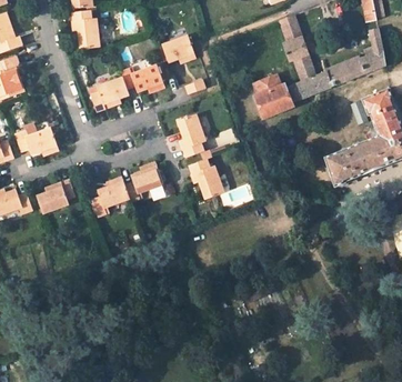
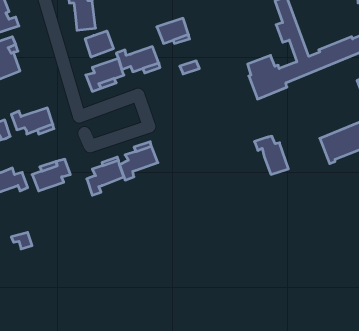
building: none -> [85,31,113,57]
building: [177,114,204,158] -> none
building: [188,160,222,199] -> [254,136,288,174]

